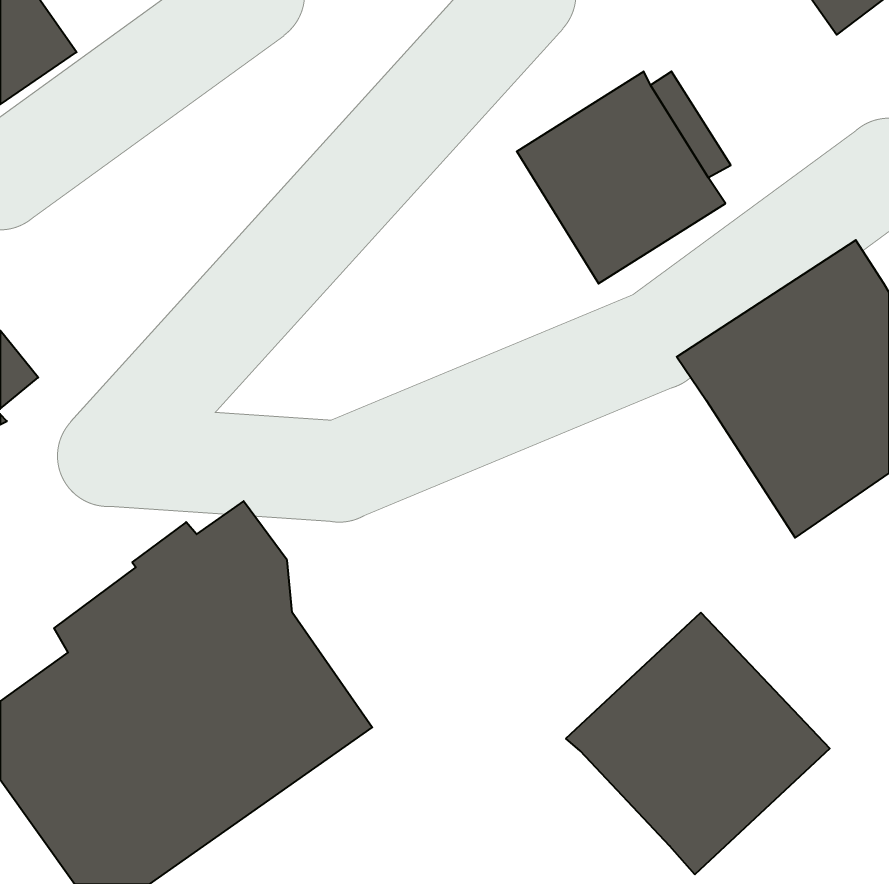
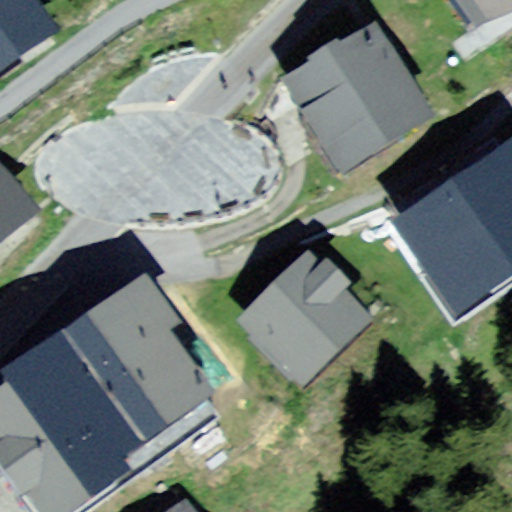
building: none -> [255,272,354,378]
building: [566,613,830,874] -> none

